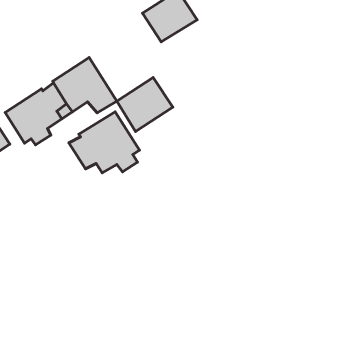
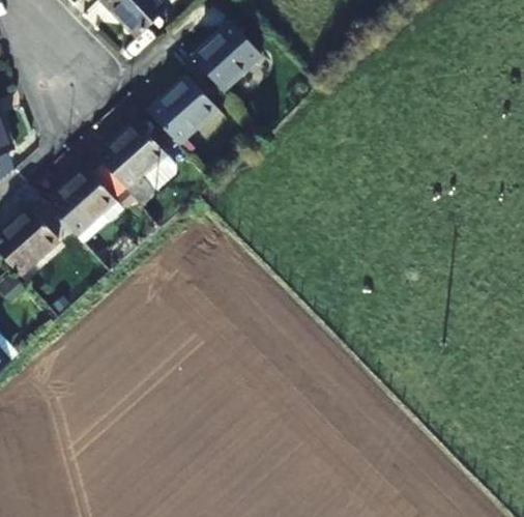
building: [117,78,173,132] -> [149,78,217,146]
building: [69,112,139,173] -> none

